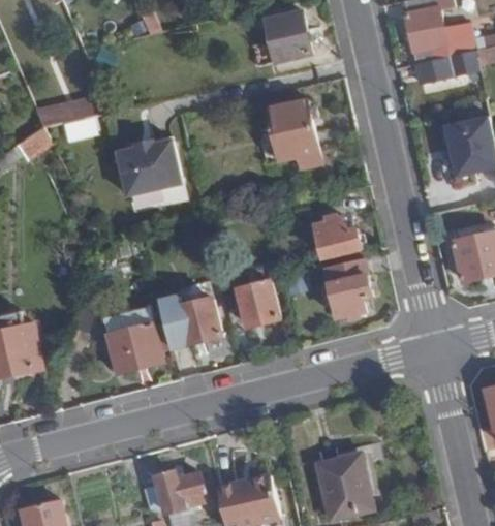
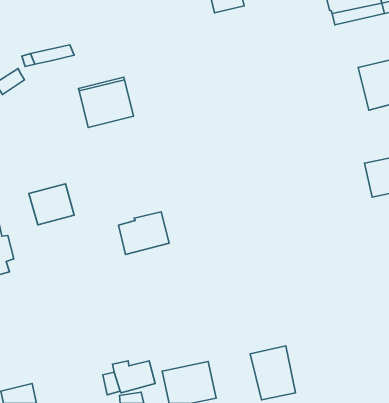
building: [269,99,320,166] -> none
building: [314,214,361,257] -> none
building: [321,256,371,320] -> none
building: [238,280,277,326] -> none
building: [107,322,161,371] -> [29,184,74,225]

